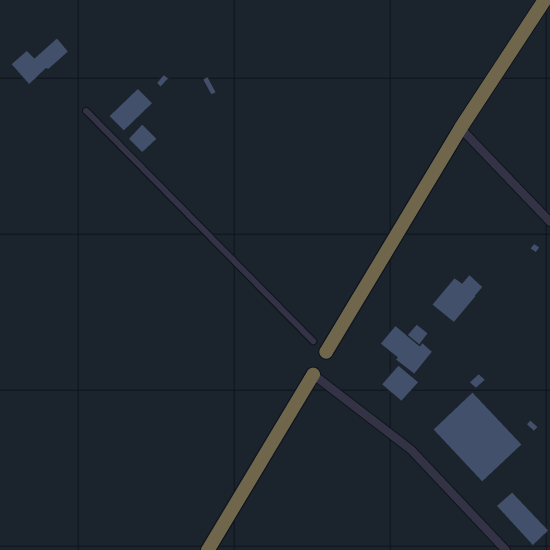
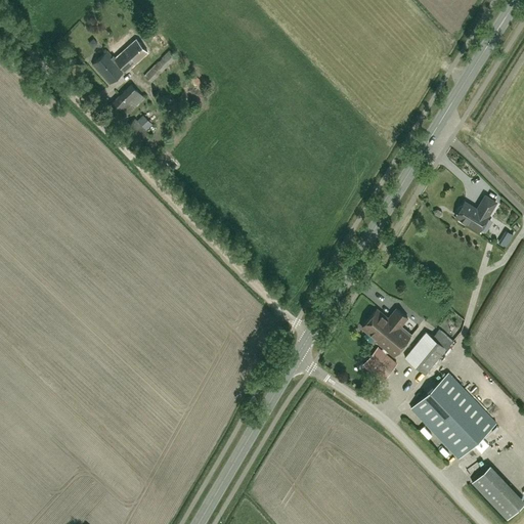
building: [11,37,69,85] -> [92,39,147,84]
building: none -> [456,195,495,231]
building: [432,274,483,323] -> [404,329,453,375]

